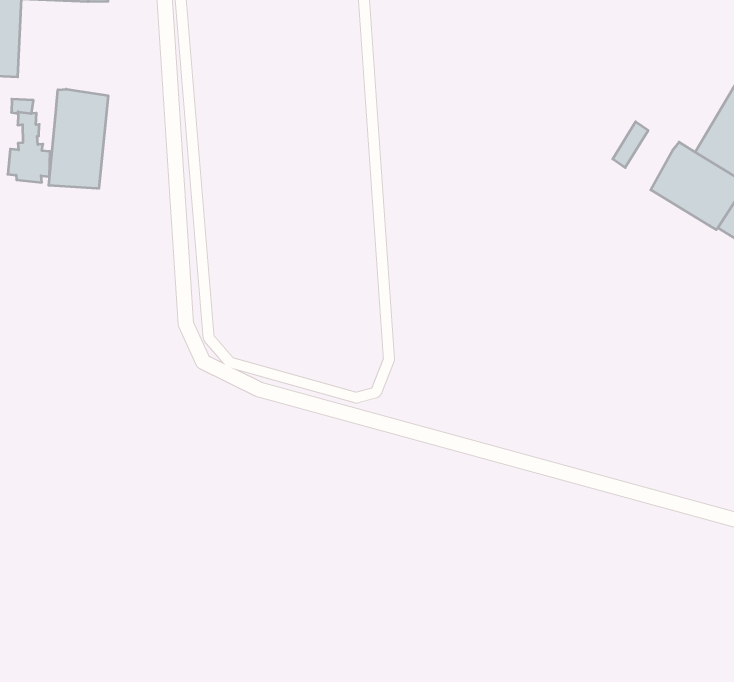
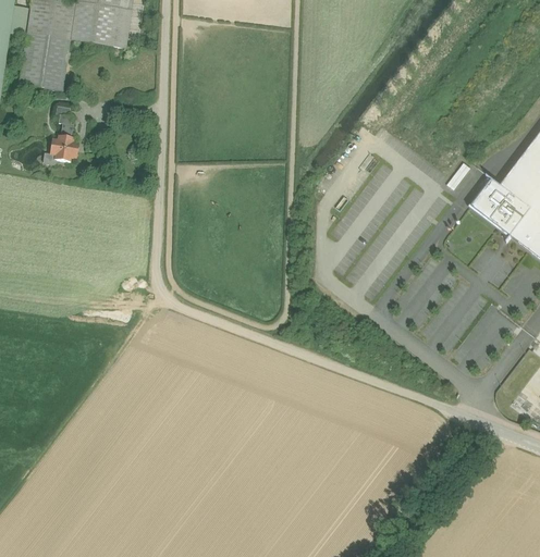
building: [49,89,108,188] -> none

